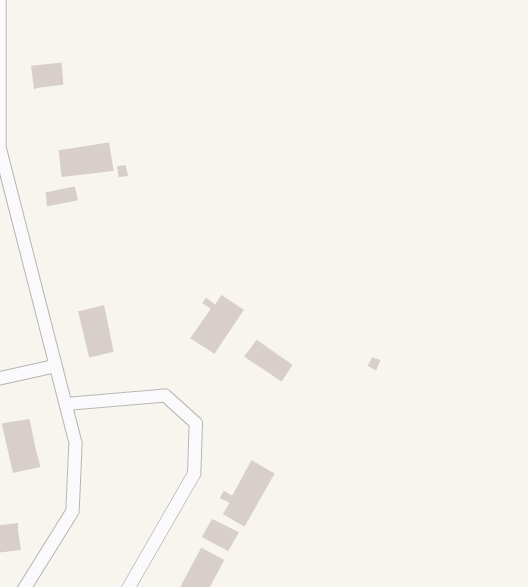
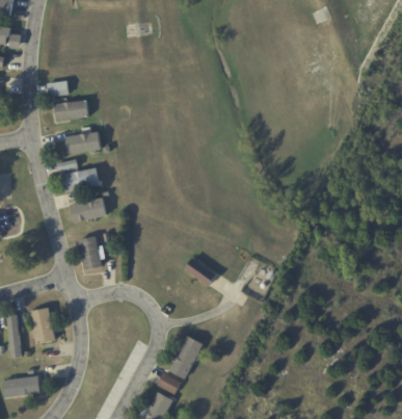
building: none -> [53,100,88,121]
building: none -> [63,167,101,191]
building: none -> [70,198,106,222]
building: [189,294,245,355] -> none

